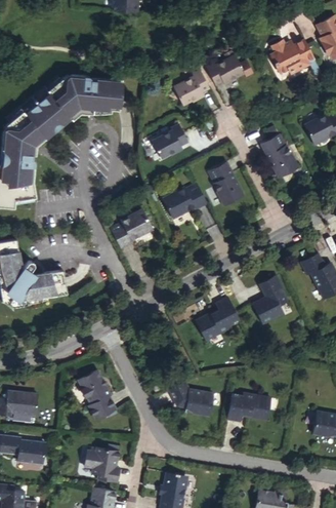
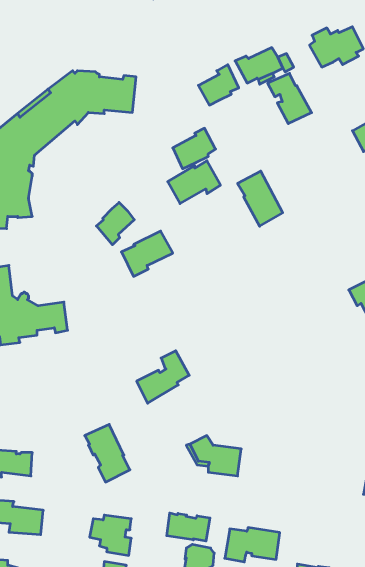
building: [260,135,297,178] -> [268,73,312,124]
building: [163,184,207,220] -> [168,161,220,204]
building: none -> [96,202,134,245]
building: [252,273,288,321] -> none
building: [194,297,238,341] -> [137,351,189,403]
building: [226,393,272,422] -> [225,528,280,562]
building: none -> [167,513,210,541]

